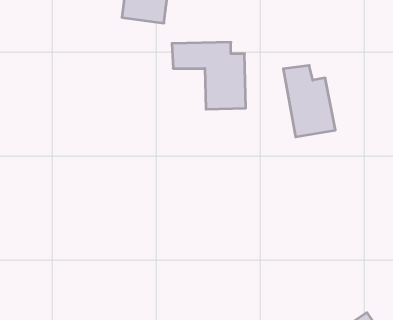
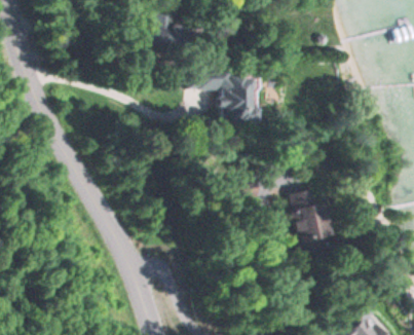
building: [283,65,335,137] -> [291,190,338,255]

